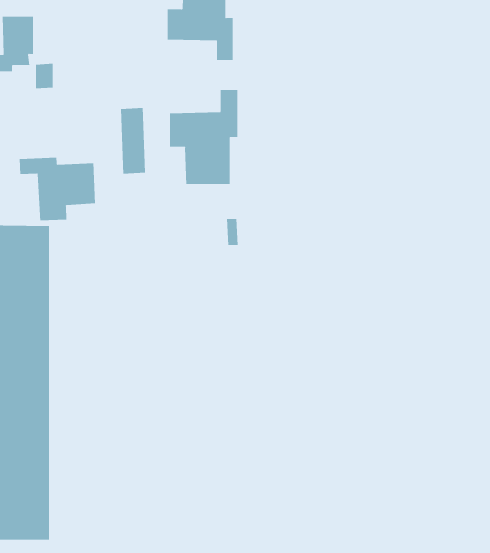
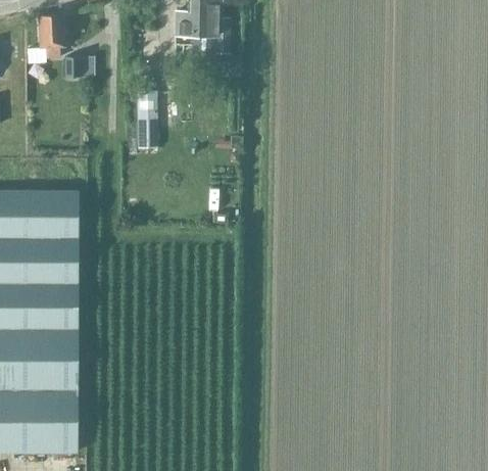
building: [169,89,238,185] -> none
building: [19,157,95,221] -> none

